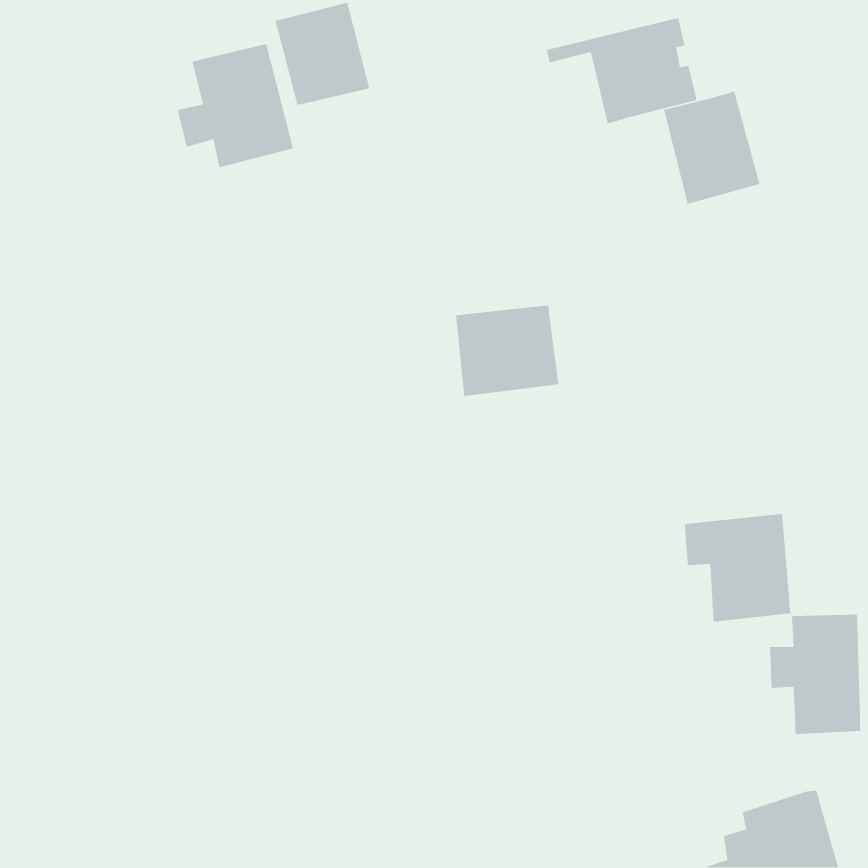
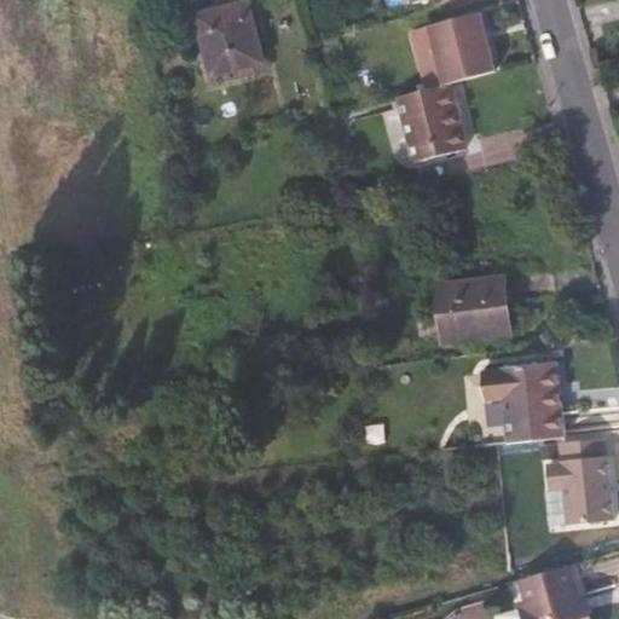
building: [177,43,294,168] -> none
building: [663,91,760,205] -> [397,83,465,164]
building: [455,305,559,397] -> [436,278,510,343]

